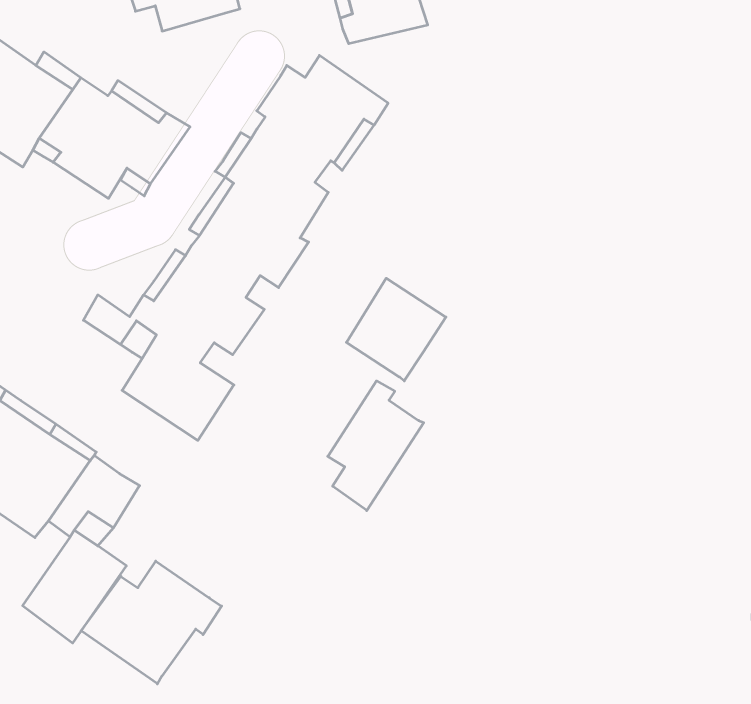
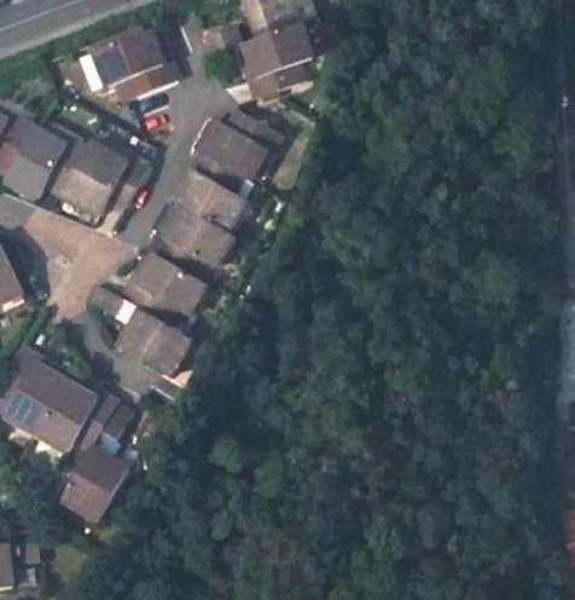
building: [346,278,446,381] -> none
building: [328,381,424,511] -> none
building: [81,561,222,684] -> none

